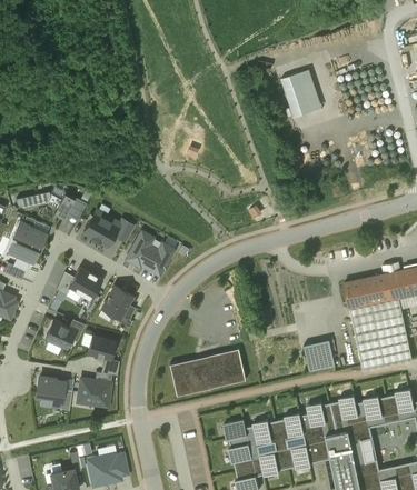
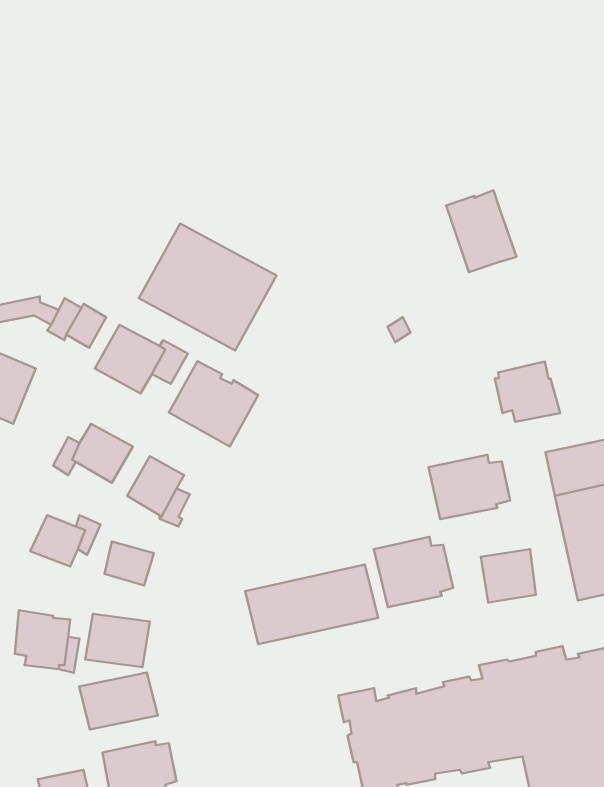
building: [281,69,322,117] -> [446,190,516,272]
building: none -> [139,223,276,350]
building: none -> [495,362,560,422]
building: none -> [428,455,510,519]
building: none -> [374,537,453,607]
building: none -> [79,672,158,729]

